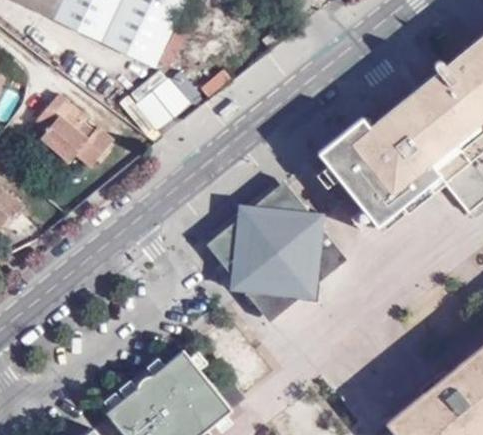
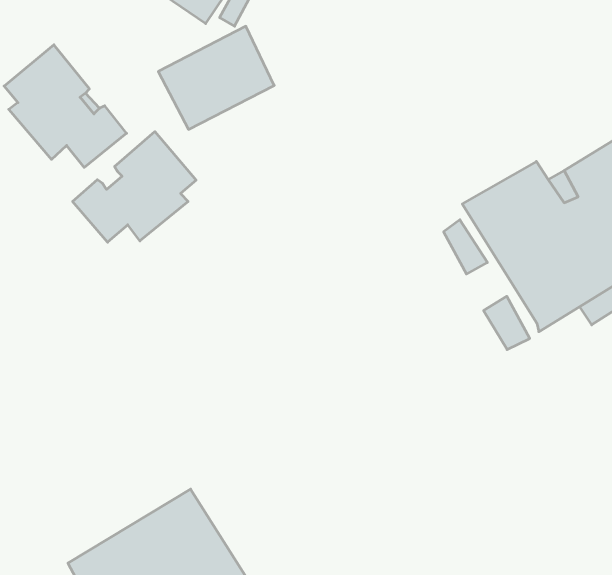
building: none -> [73,132,196,242]
building: [213,180,353,322] -> none

